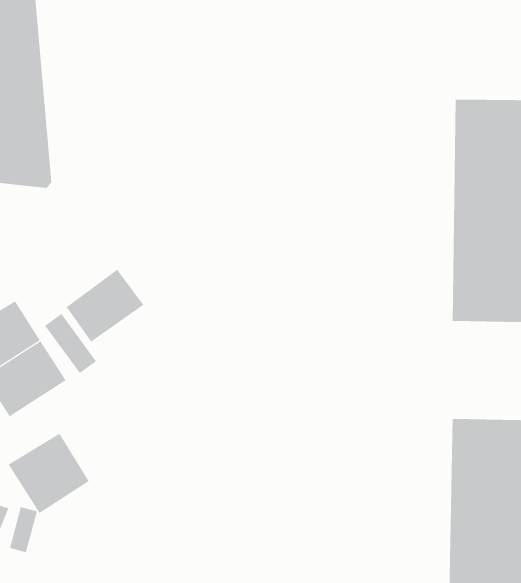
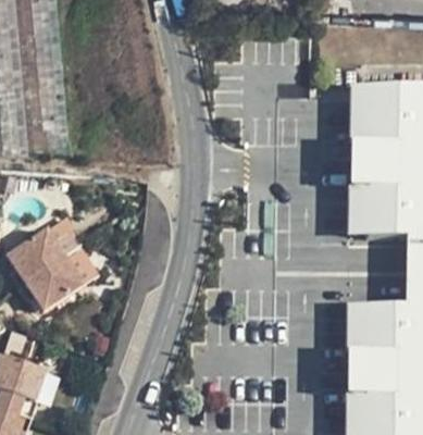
building: [66,269,144,343] -> none
building: [8,433,90,514] -> none

